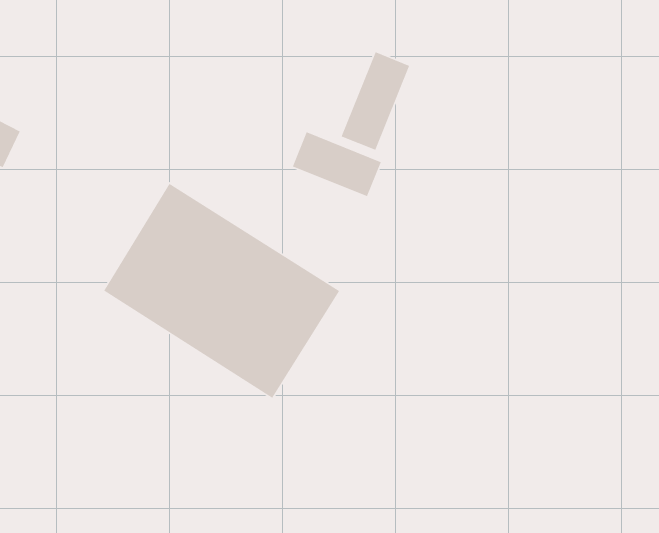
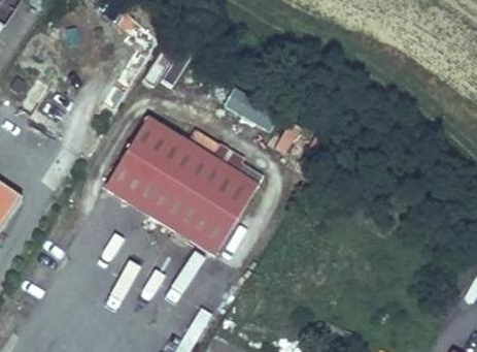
building: [341,51,410,151] -> none

